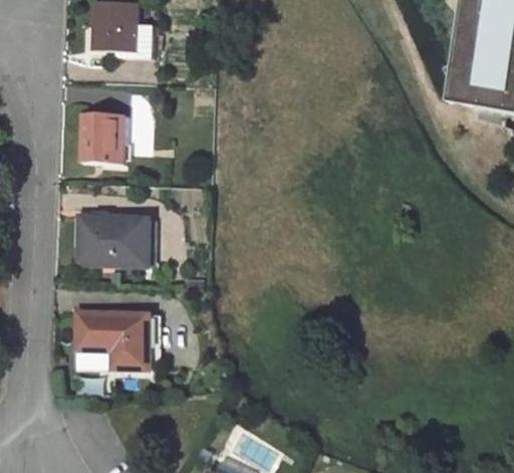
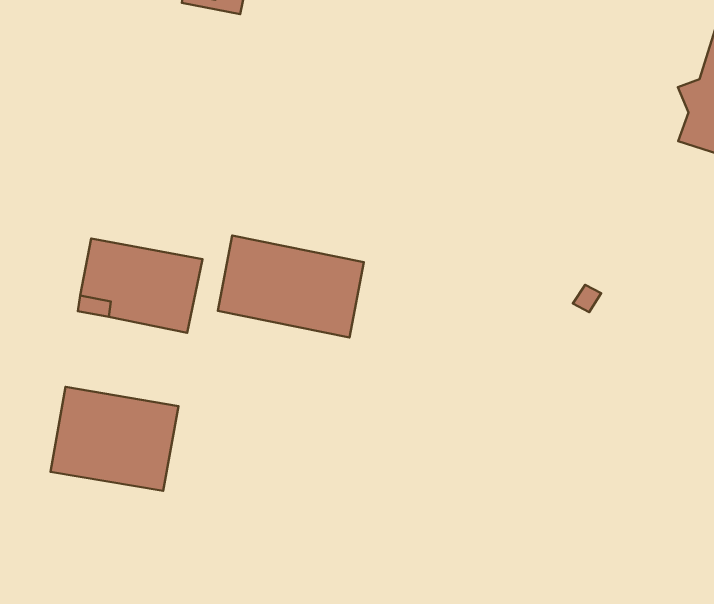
building: [79,111,124,163] -> none
building: none -> [218,236,364,338]

